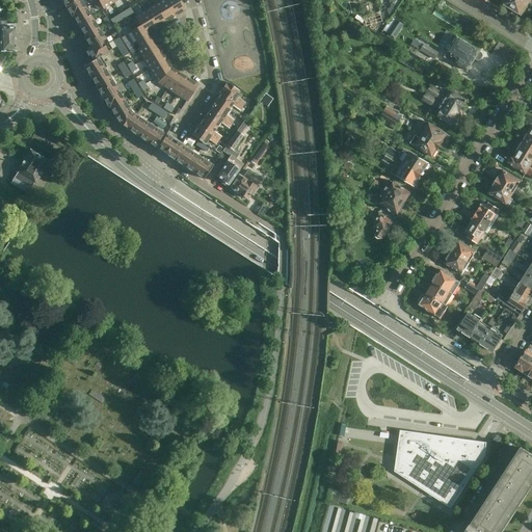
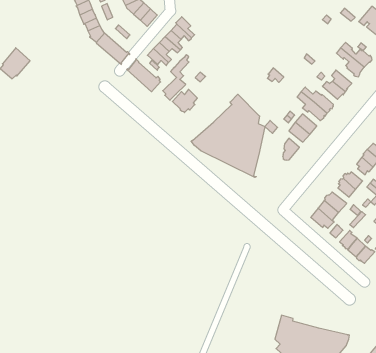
building: none -> [191,94,265,177]

